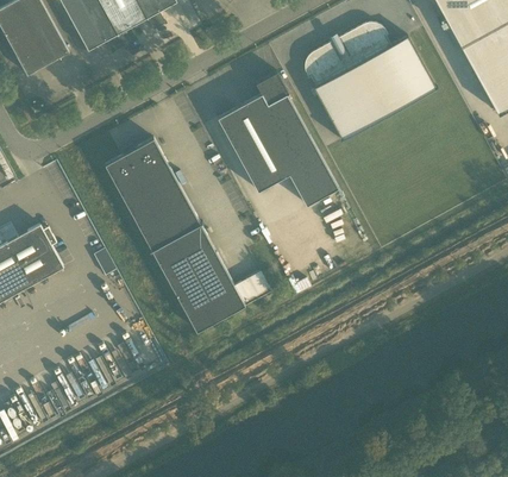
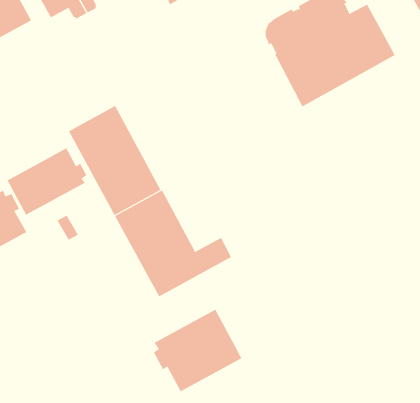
building: [217,71,337,206] -> none
building: none -> [7,148,87,216]
building: none -> [153,309,242,392]

